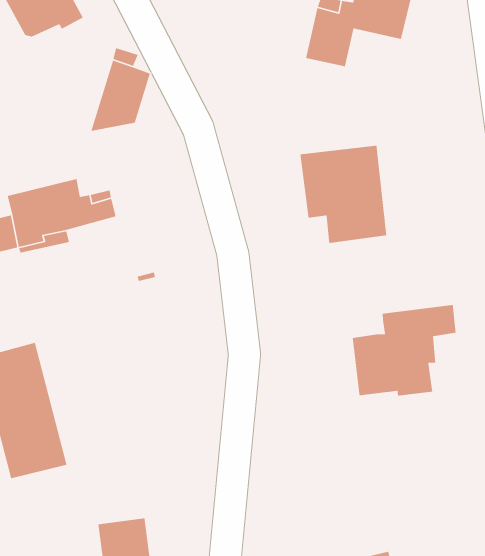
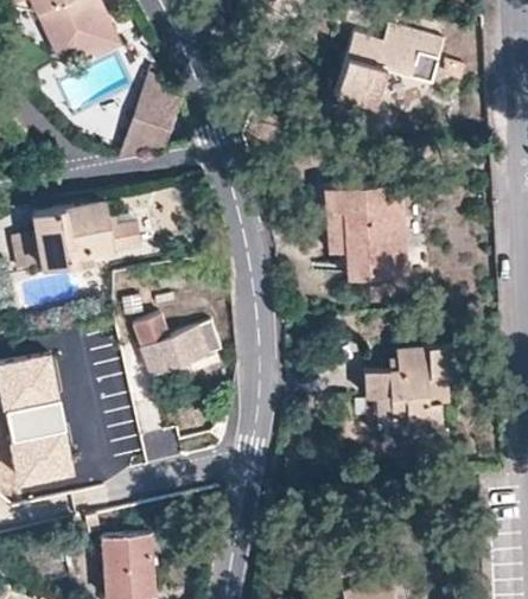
building: none -> [132,314,222,375]

